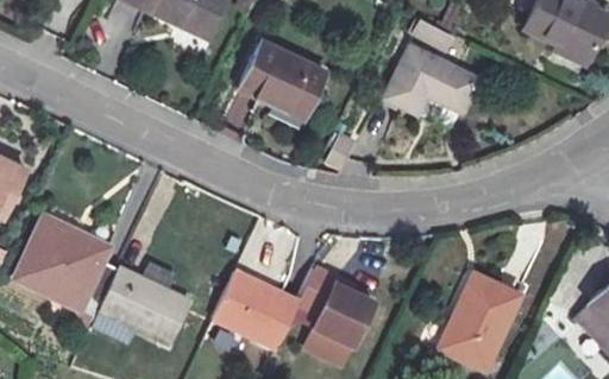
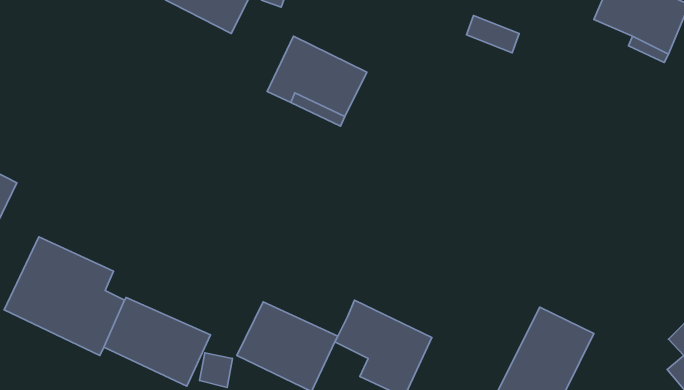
building: [383,48,478,118] -> none

